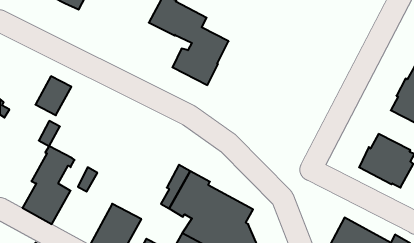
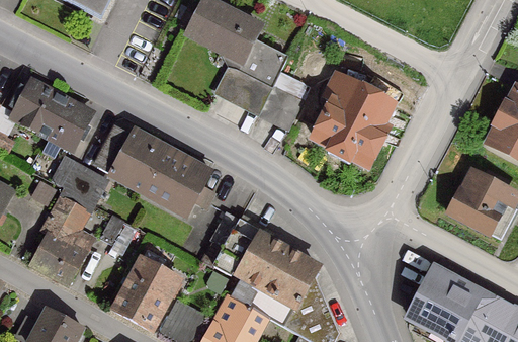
building: none -> [315,76,391,164]
building: none -> [10,80,66,135]
building: none -> [260,84,303,125]
building: none -> [96,126,214,212]
building: none -> [64,162,105,201]

